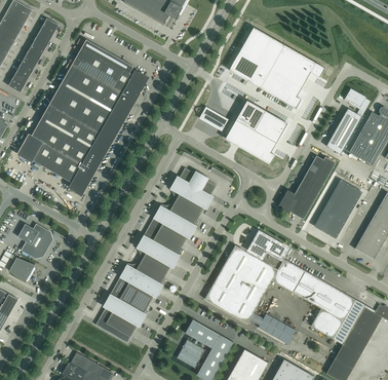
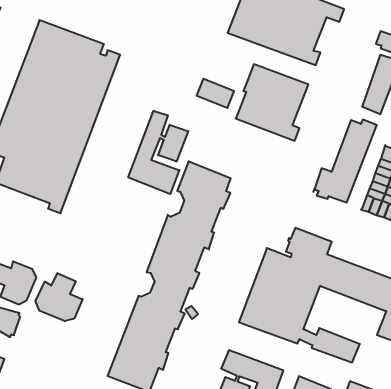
building: none -> [128,111,188,194]
building: none -> [36,273,83,321]

